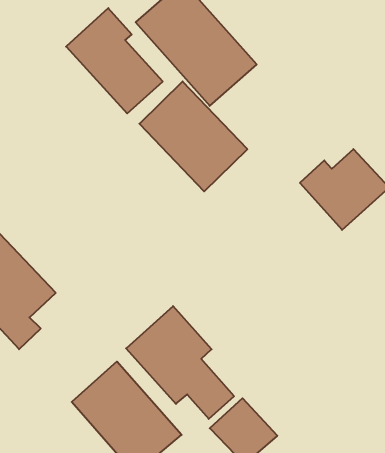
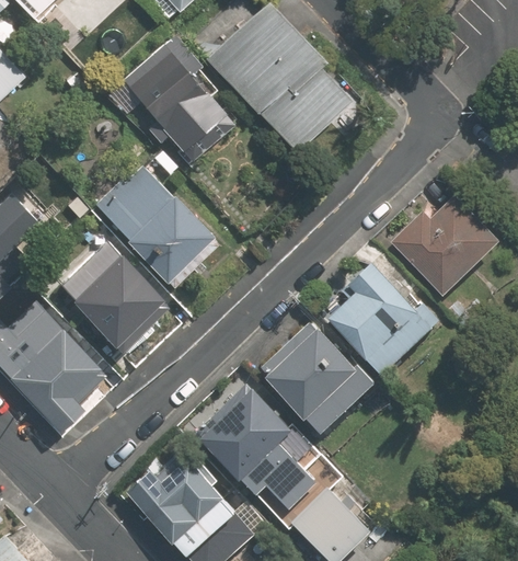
building: [139,81,247,191] -> [93,160,219,288]
building: none -> [54,240,168,356]
building: none -> [330,261,439,378]
building: none -> [257,327,375,439]

